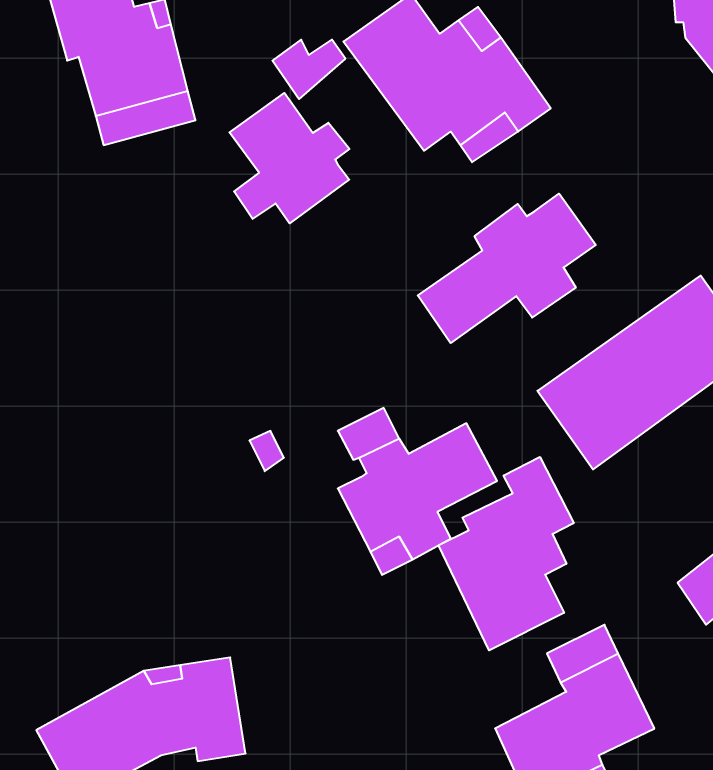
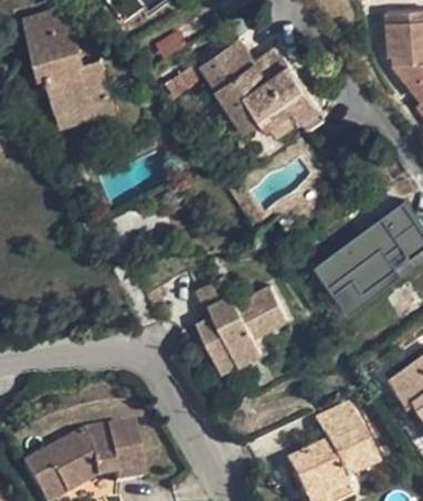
building: [229,93,349,223] -> none
building: [418,194,596,343] -> none
building: [439,457,574,650] -> none

